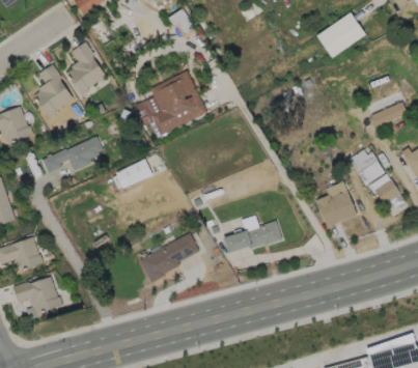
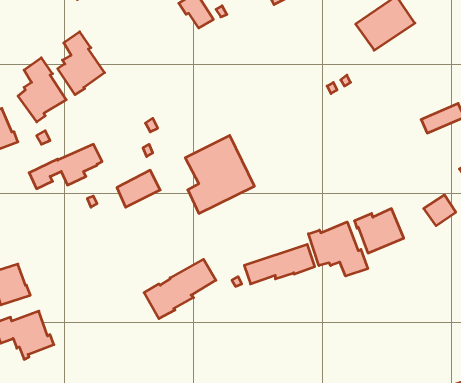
building: [149,69,207,135] -> [185,135,254,213]
building: [349,148,385,185] -> none
building: none -> [308,222,368,276]

